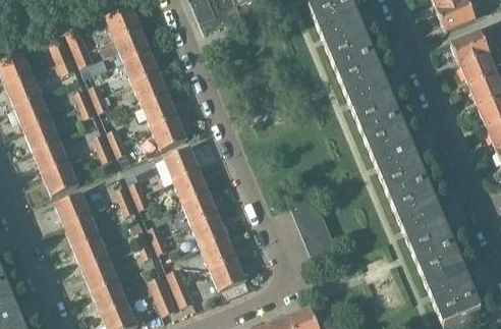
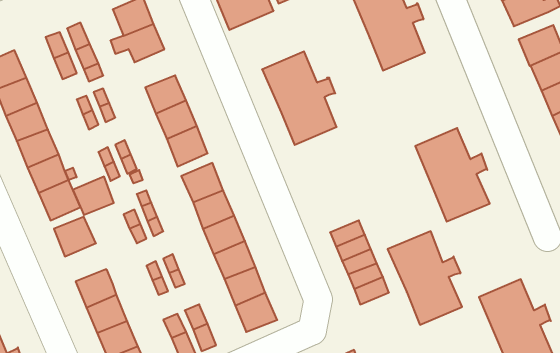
building: [124,50,159,83] -> none
building: [335,53,398,132] -> [262,51,337,145]
building: [389,181,452,261] -> [388,231,462,325]
building: [65,215,100,248] -> [73,177,114,215]

